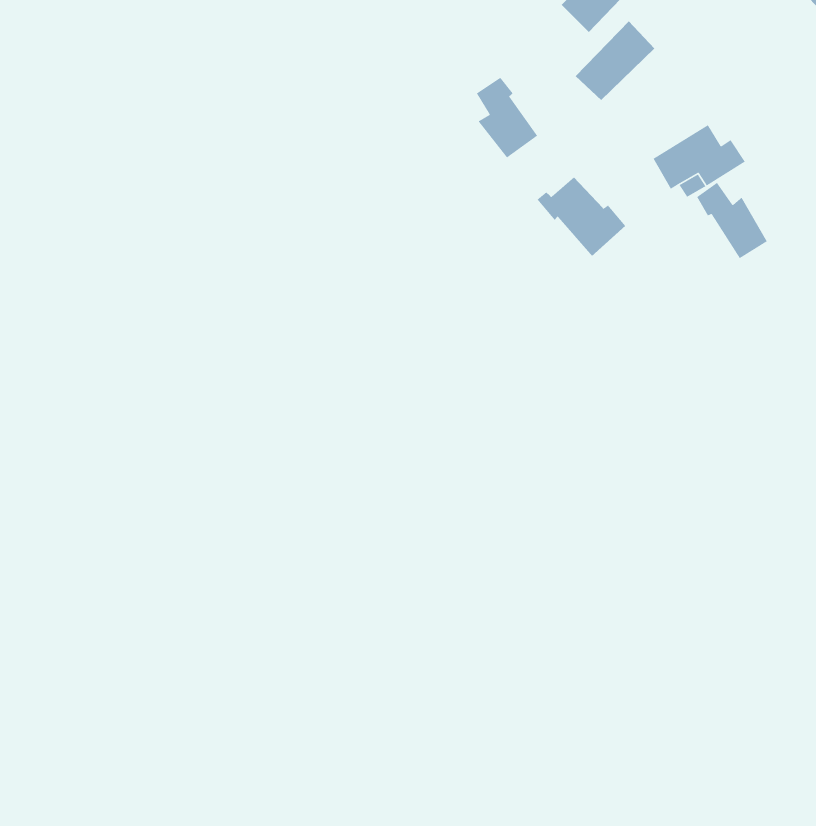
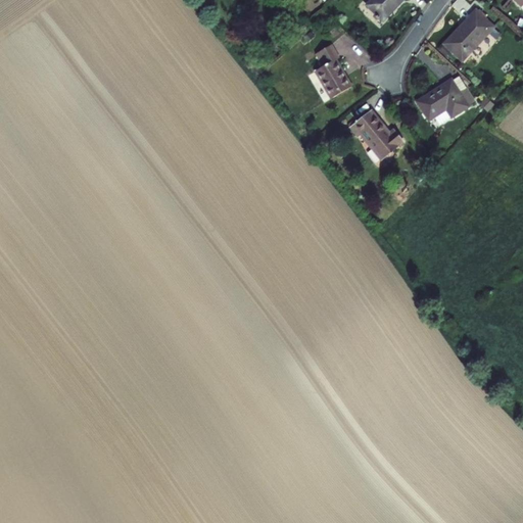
building: [575,21,655,101] -> [444,7,494,57]
building: [696,182,768,259] -> none

